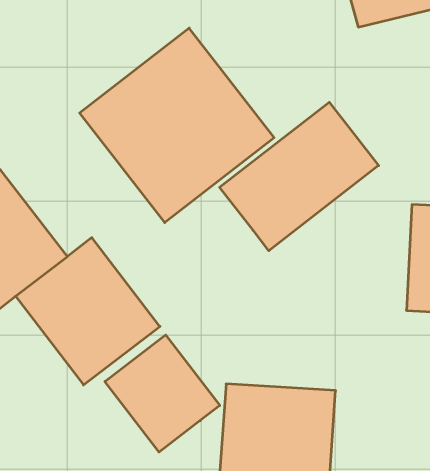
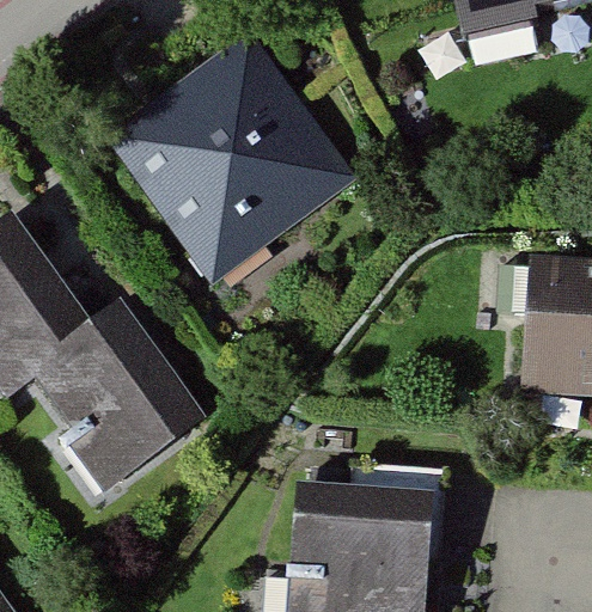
building: [220,102,379,251] -> none
building: [105,335,220,452] -> none

